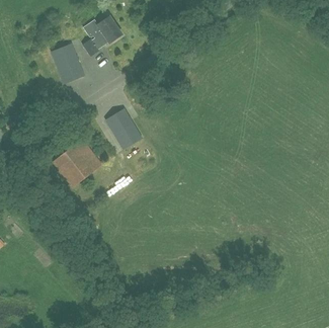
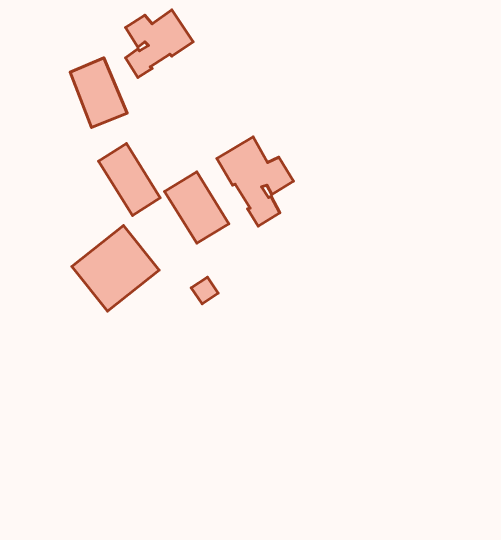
building: none -> [217,137,294,226]
building: none -> [99,144,160,216]

